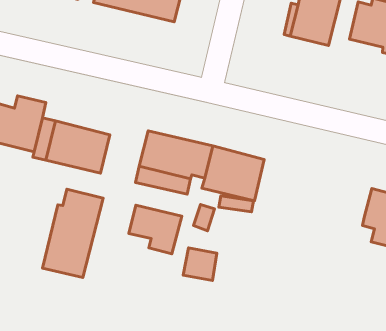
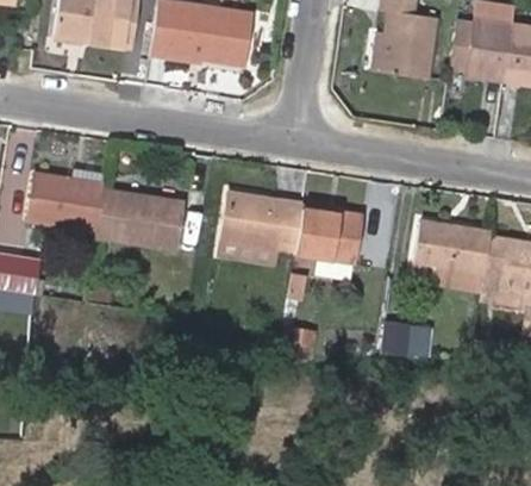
building: none -> [414,219,491,272]
building: [43,189,103,277] -> none
building: [129,205,182,254] -> none
building: none -> [383,322,431,356]

